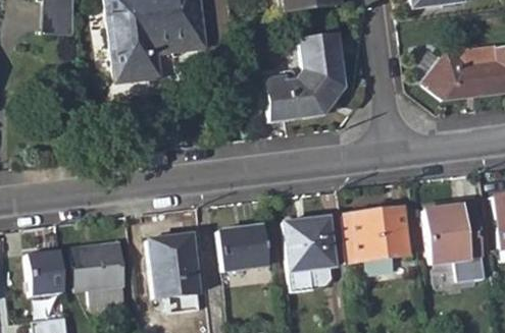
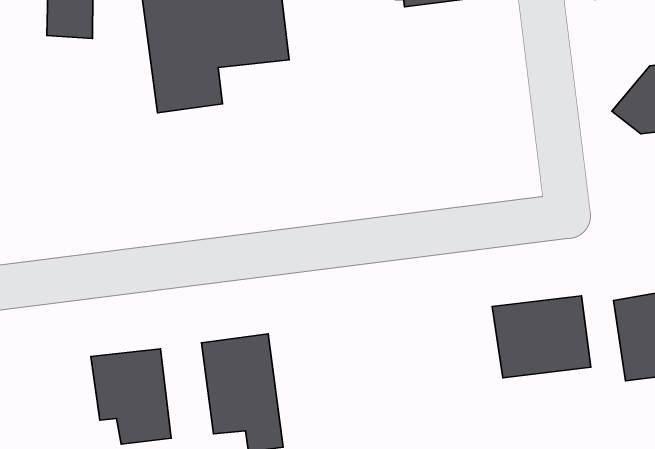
building: [265,36,343,120] -> none
building: [284,216,335,290] -> none
building: [218,224,268,271] -> none
building: [29,251,65,295] -> none

